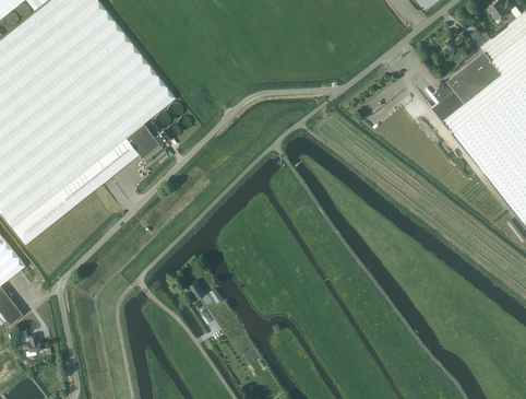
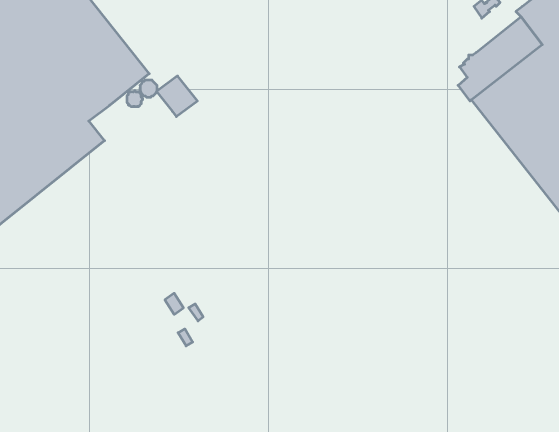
building: [125,124,159,157] -> [157,76,197,117]

